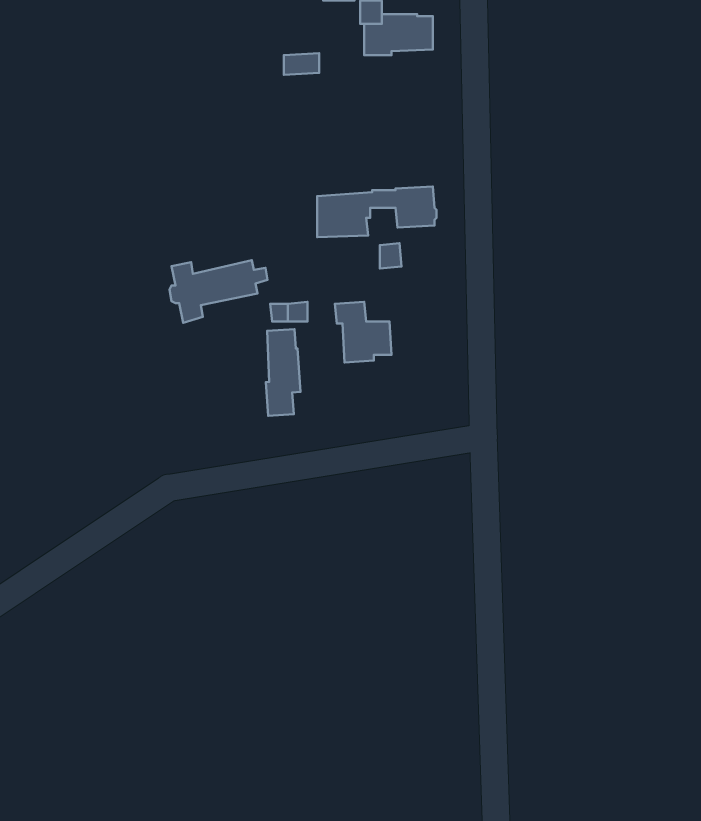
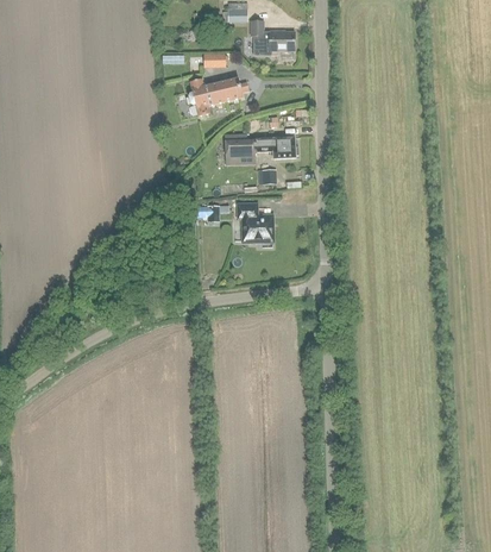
building: [170,260,267,323] -> [189,77,248,115]
building: [266,329,300,416] -> none

